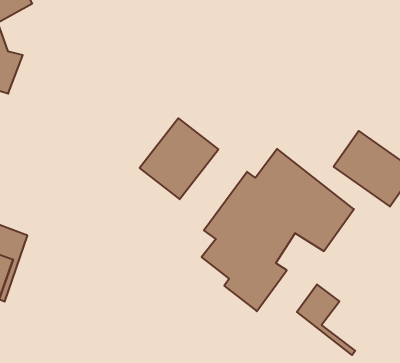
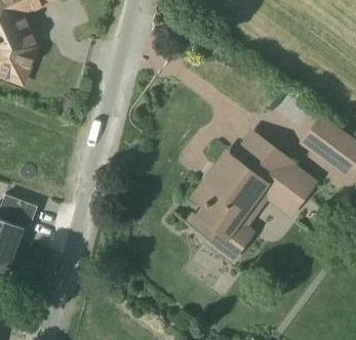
building: [140,118,218,199] -> none
building: [297,284,355,355] -> none

